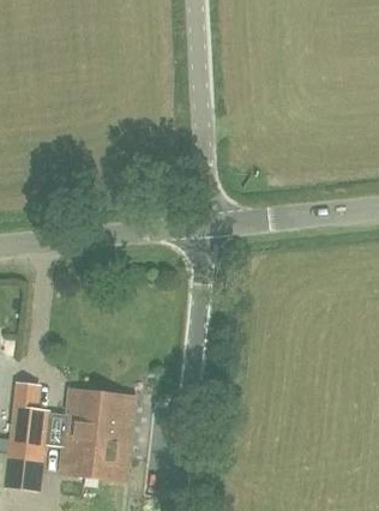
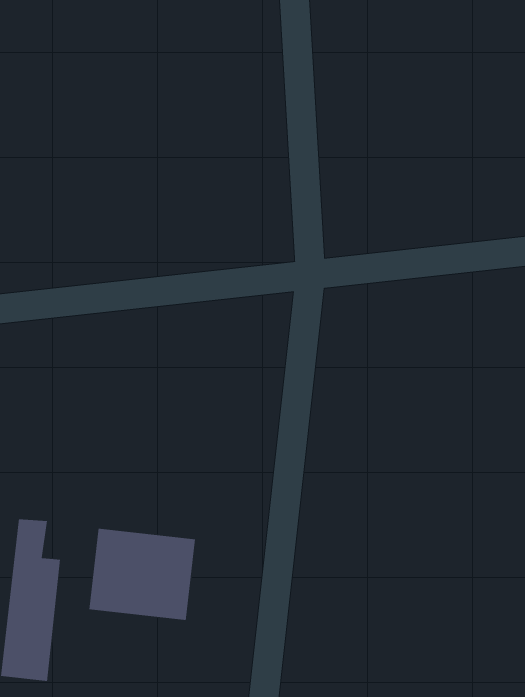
building: [60,441,127,480] -> none

